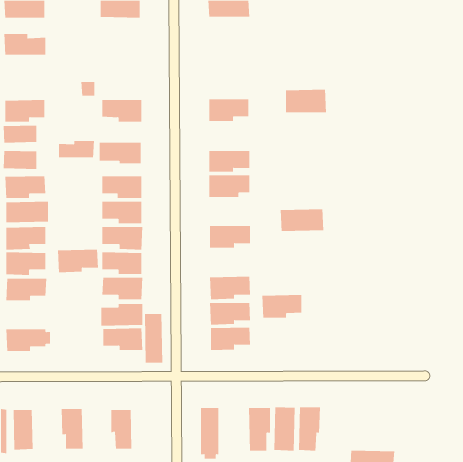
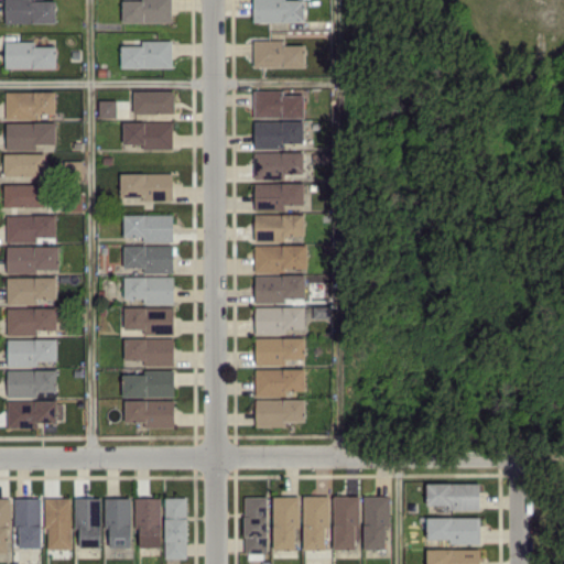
building: none -> [121,41,172,68]
building: none -> [252,41,305,67]
building: none -> [133,90,174,113]
building: none -> [6,91,55,120]
building: [285,89,327,113] -> [253,89,304,118]
building: none -> [253,153,303,178]
building: [58,140,94,158] -> none
building: [280,209,324,232] -> [253,245,307,272]
building: [57,249,99,273] -> [7,369,57,398]
building: [261,295,302,318] -> [254,306,304,335]
building: [144,313,163,363] -> [164,498,187,558]
building: none -> [426,482,480,510]
building: none -> [272,497,300,550]
building: none -> [45,498,72,550]
building: none -> [104,498,131,547]
building: none -> [426,517,480,544]

